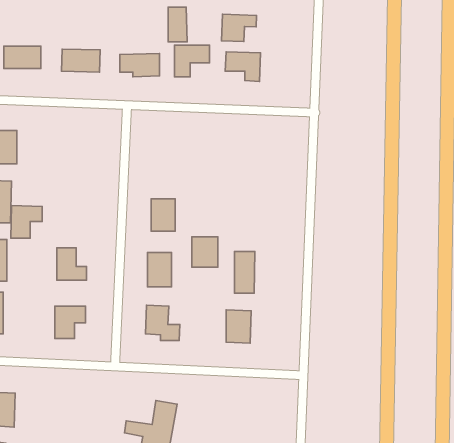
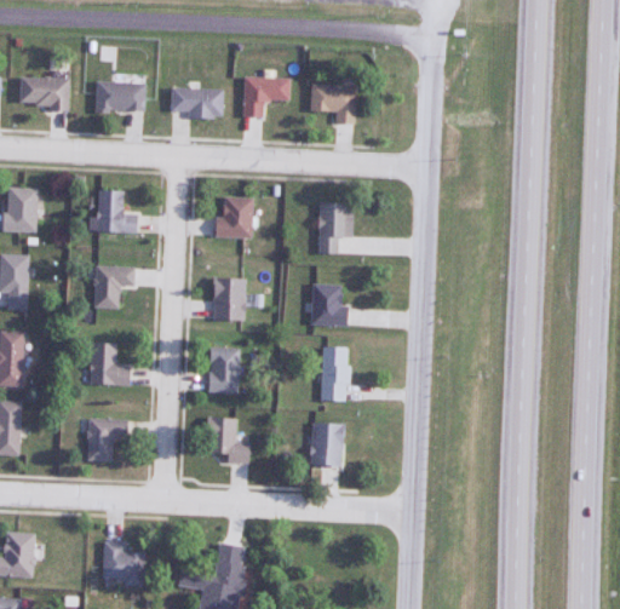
building: [168,7,187,42] -> none
building: [222,14,256,42] -> none
building: none -> [98,190,138,231]
building: none -> [216,197,253,236]
building: none -> [318,202,351,253]
building: [11,206,42,238] -> [93,265,134,308]
building: [192,237,218,267] -> [311,285,345,324]
building: none -> [103,541,144,584]

